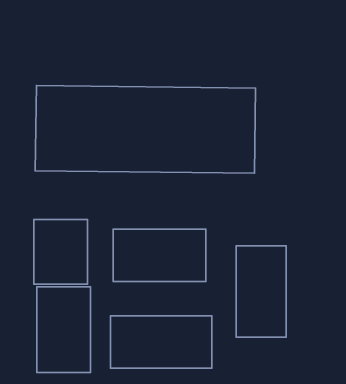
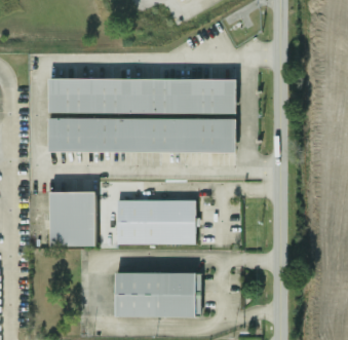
building: [236,246,286,337] -> none
building: [37,287,90,373] -> none

